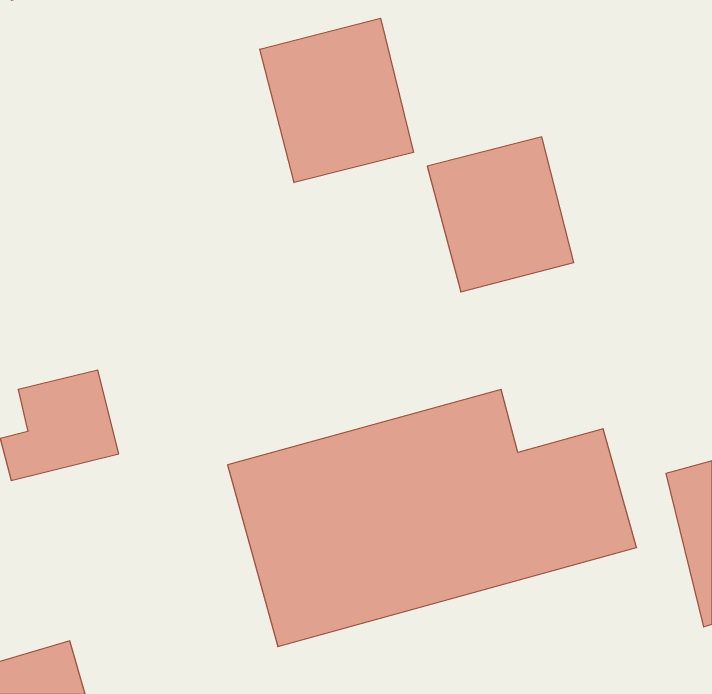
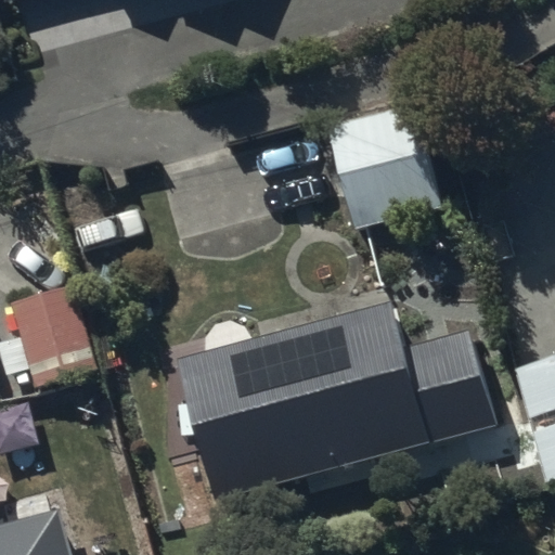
building: [260,18,413,183] -> none

